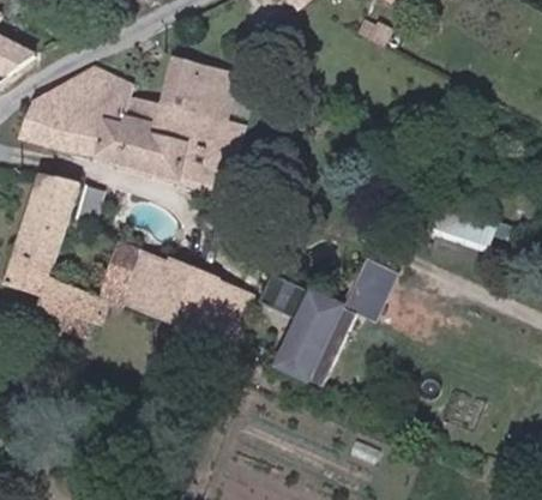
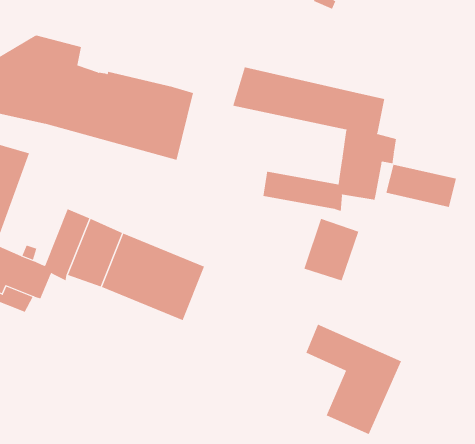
building: [157,55,233,118] -> none
building: none -> [232,67,397,212]
building: [263,276,359,386] -> [305,324,402,435]

